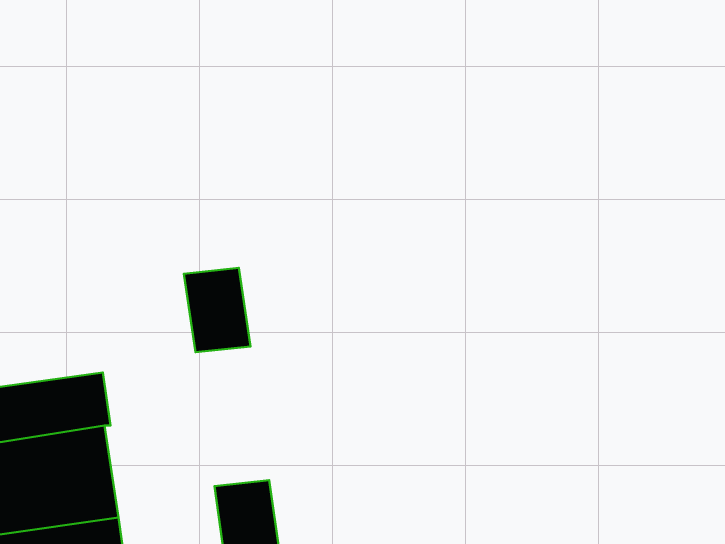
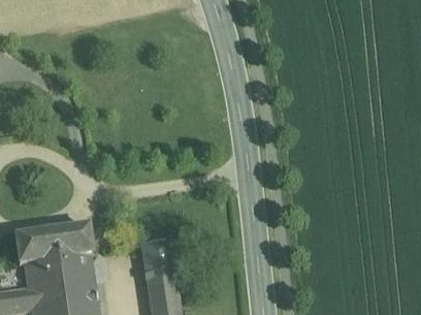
building: [184,268,251,352] -> [141,239,176,283]

